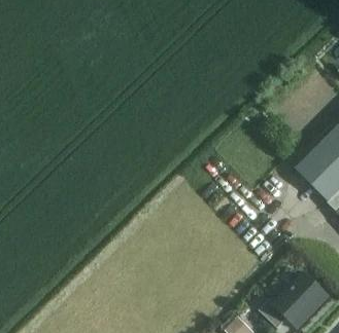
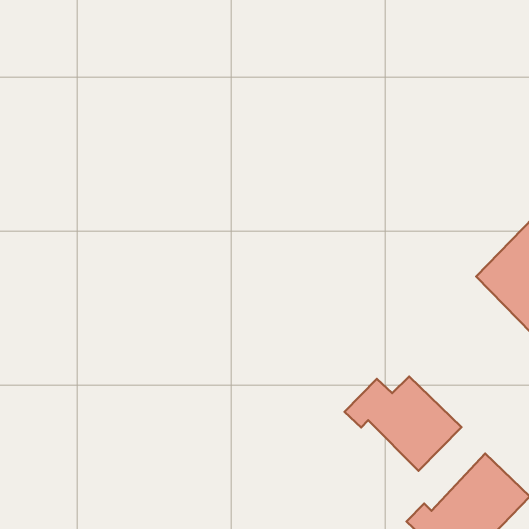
building: none -> [344,377,461,471]

